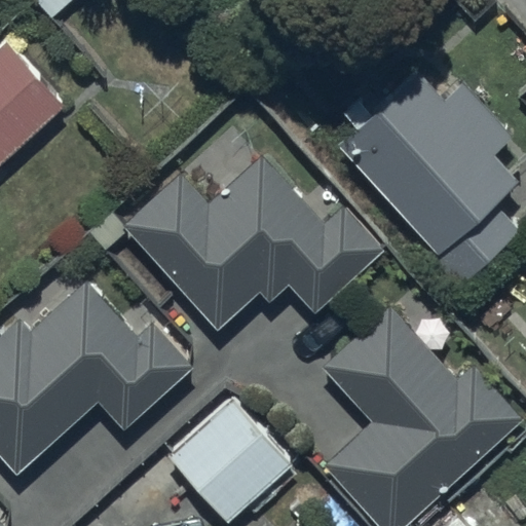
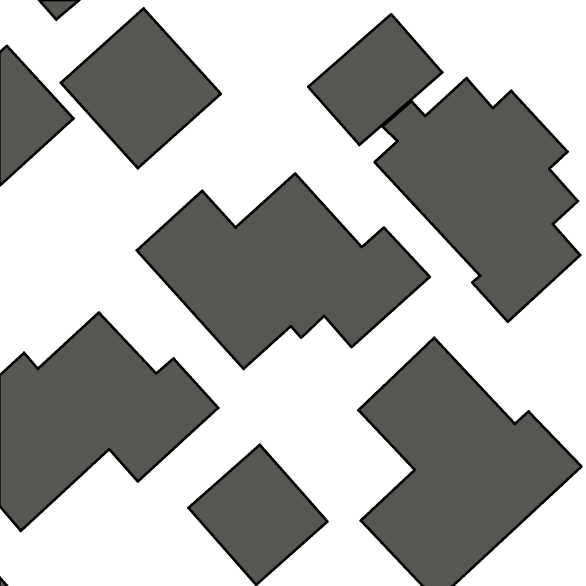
building: none -> [61,8,221,168]
building: none -> [308,14,442,145]

